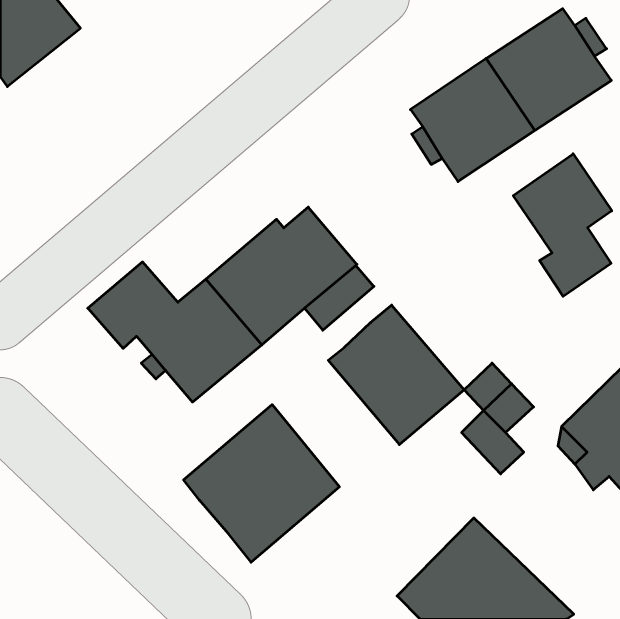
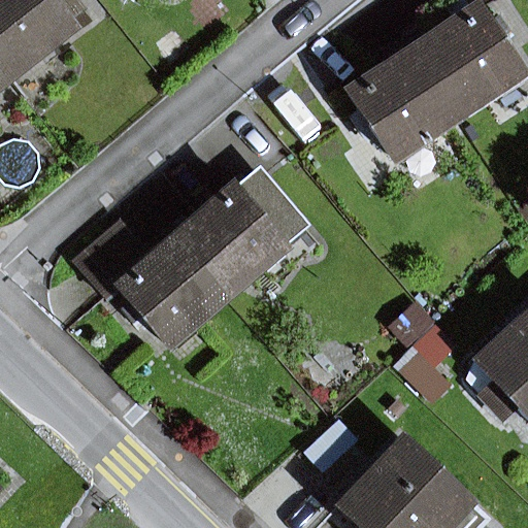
building: [513,154,612,296] -> none
building: [328,305,464,445] -> none
building: [184,405,339,562] -> none

